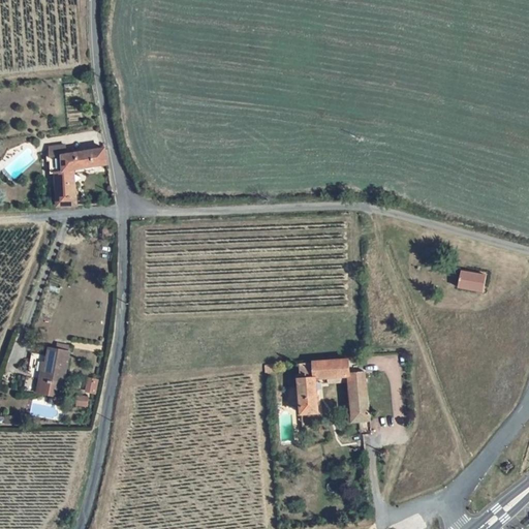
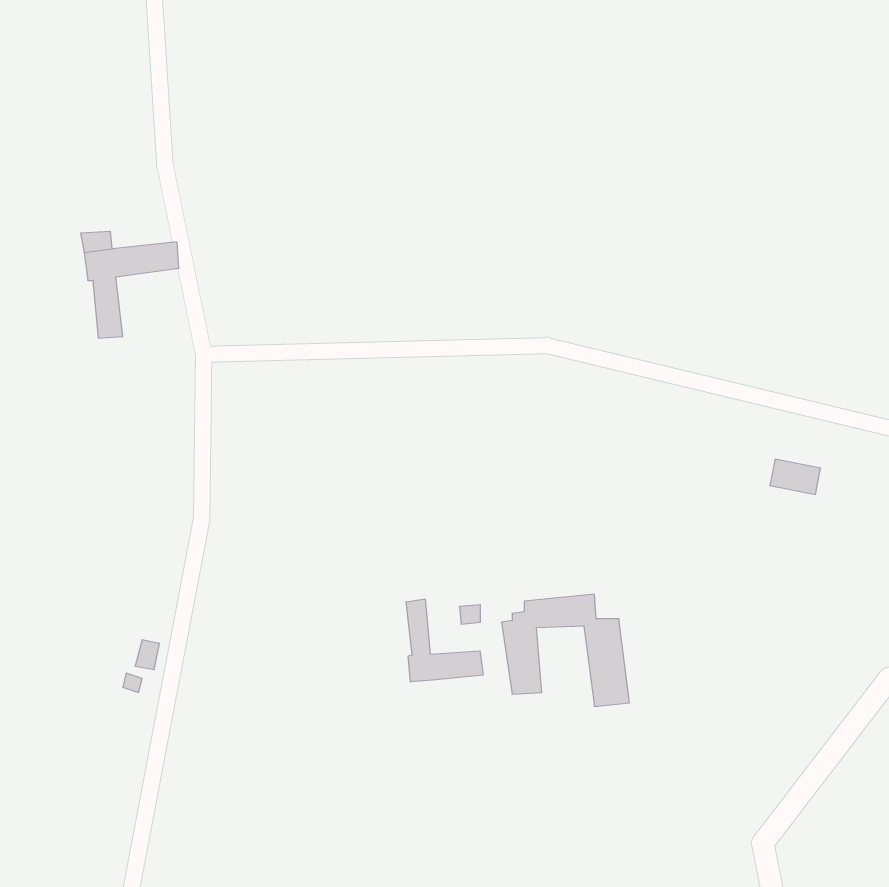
building: [40,347,70,394] -> none
building: none -> [406,599,483,682]

